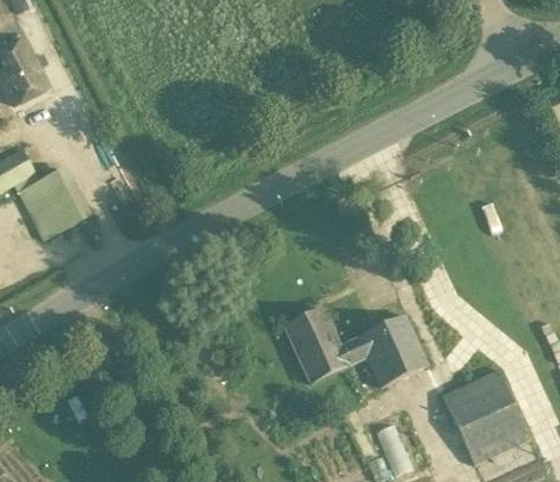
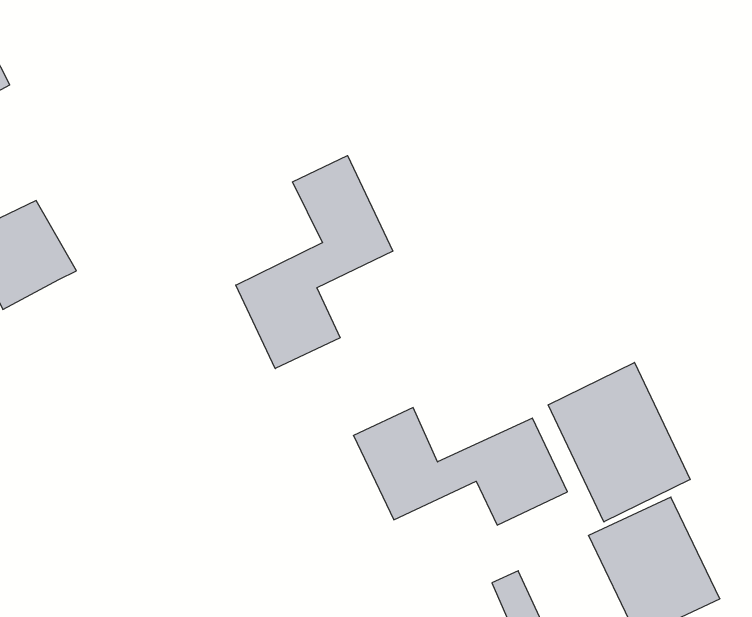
building: none -> [236,156,393,369]
building: none -> [548,362,690,522]

